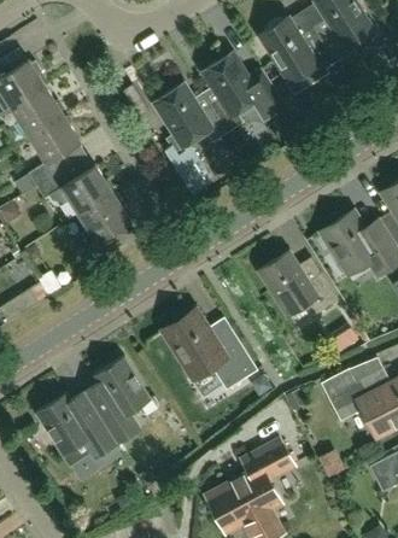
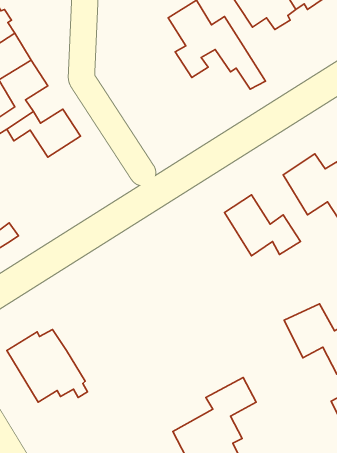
building: [154,83,227,194] -> none
building: [70,192,135,264] -> none
building: [164,310,257,396] -> none
building: [83,356,158,444] -> none

